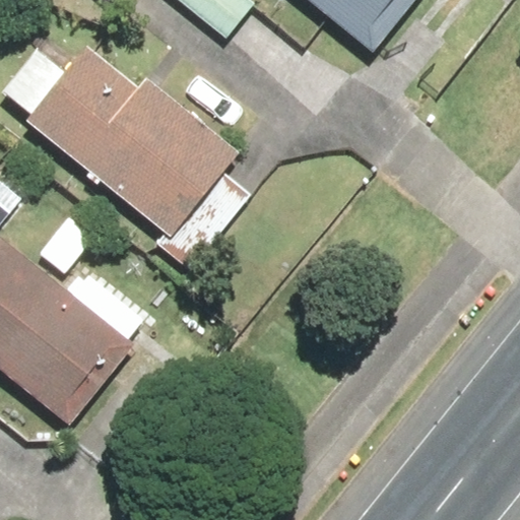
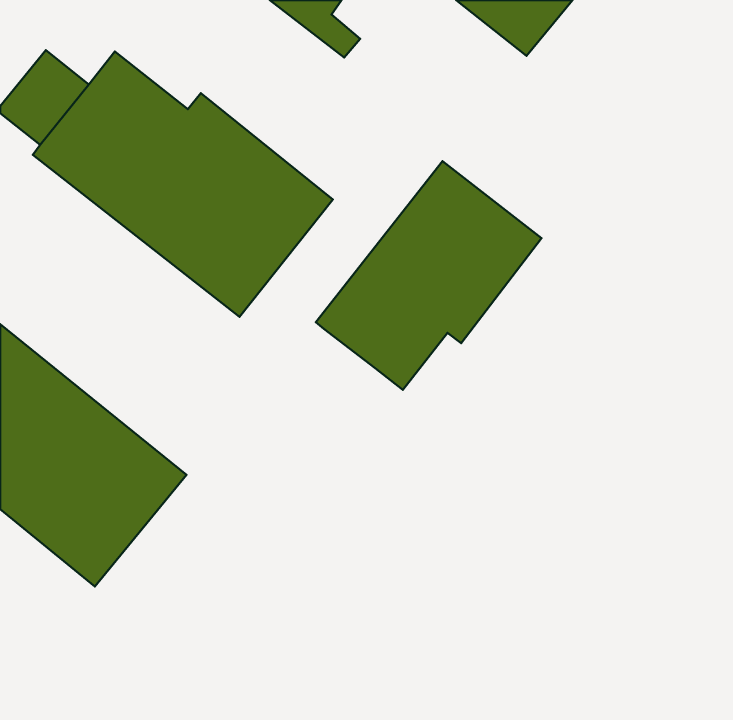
building: none -> [316,161,541,390]

